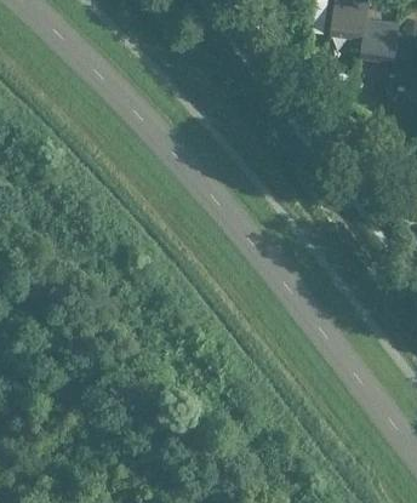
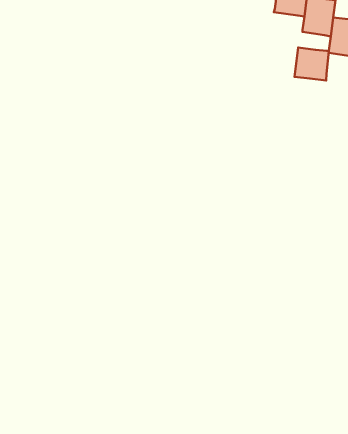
building: none -> [295,48,329,81]

